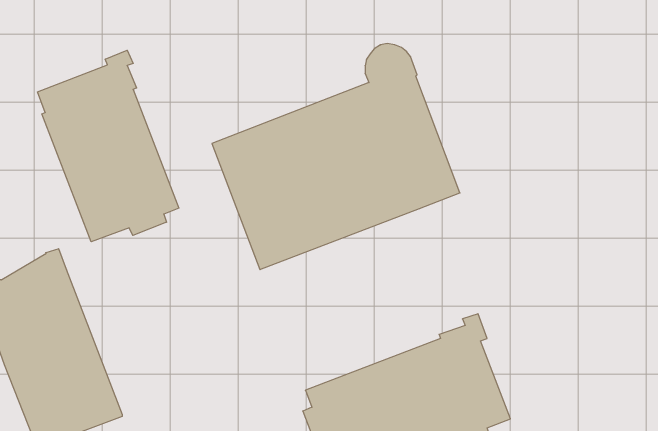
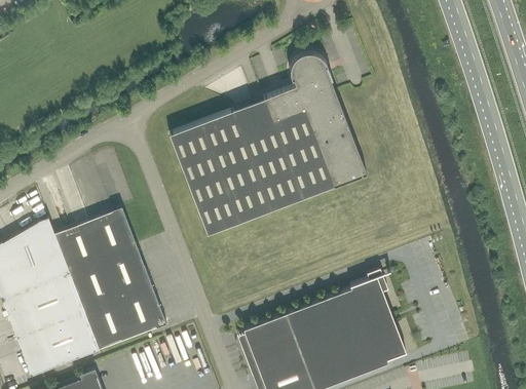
building: [37,50,179,242] -> none
building: none -> [54,208,166,350]

